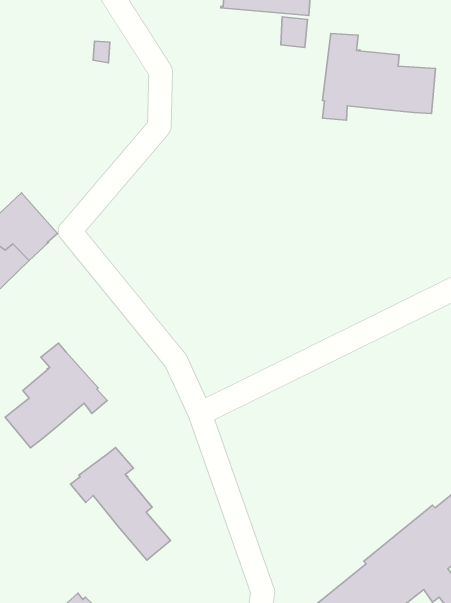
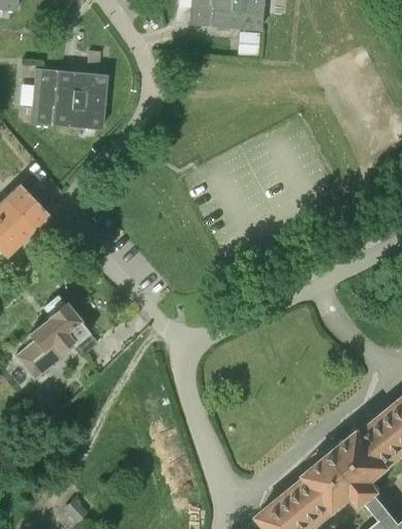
building: [322,33,436,120] -> none
building: none -> [31,69,106,130]
building: [71,447,171,560] -> none

